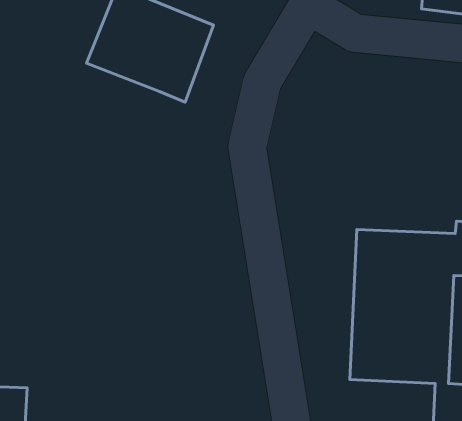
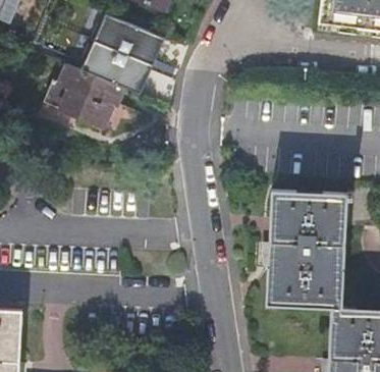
building: none -> [43,65,122,128]

